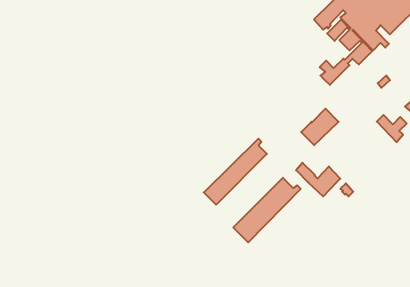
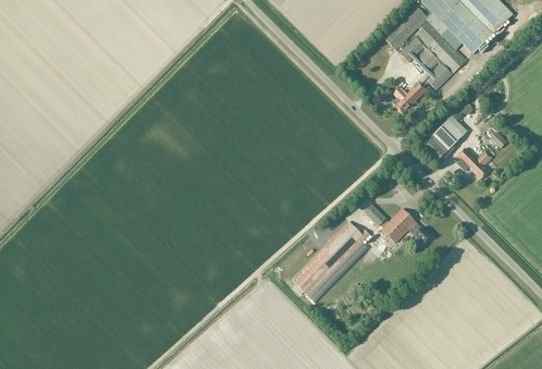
building: [301,109,339,145] -> [420,120,464,162]
building: [204,139,267,205] -> none

